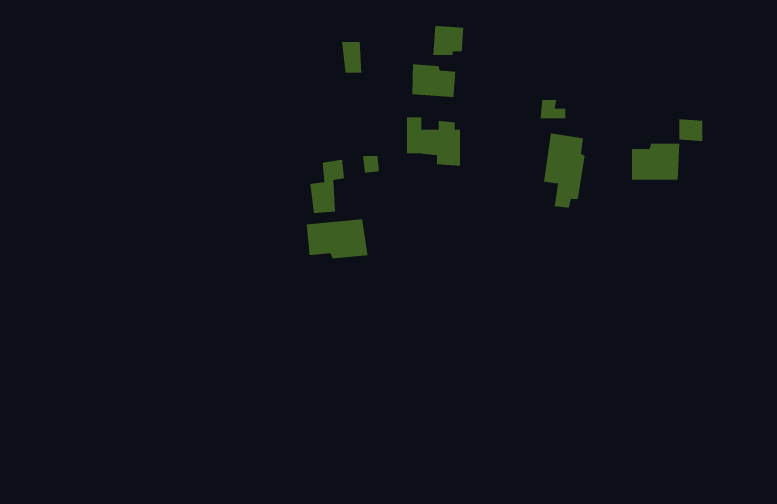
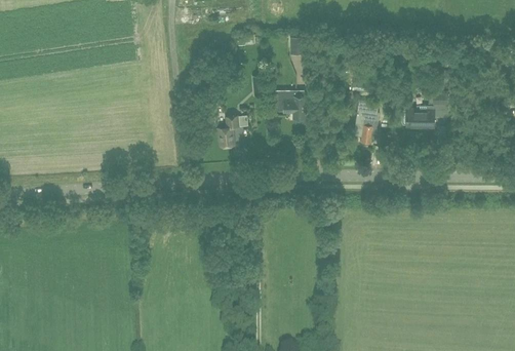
building: [412,63,456,98] -> none
building: [306,219,368,259] -> none

